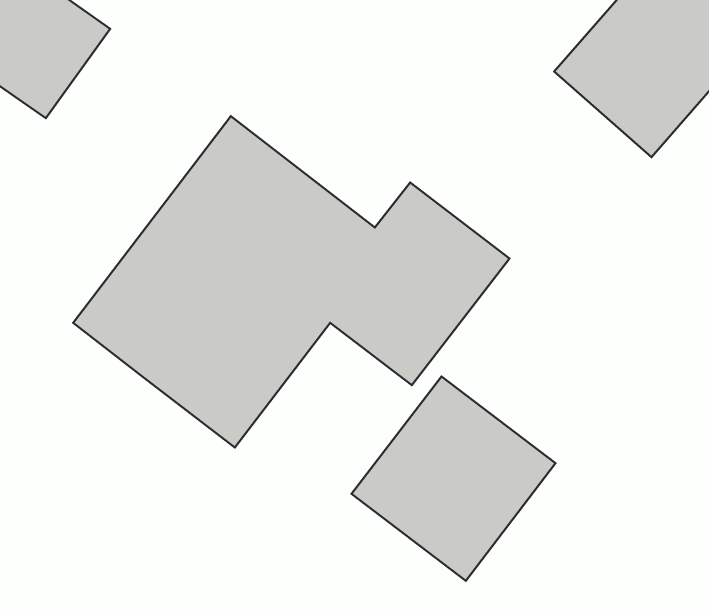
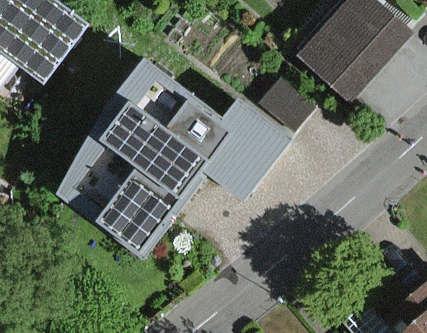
building: [352,377,556,581] -> none

